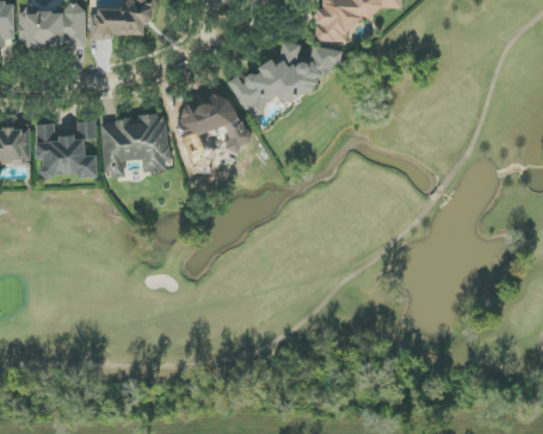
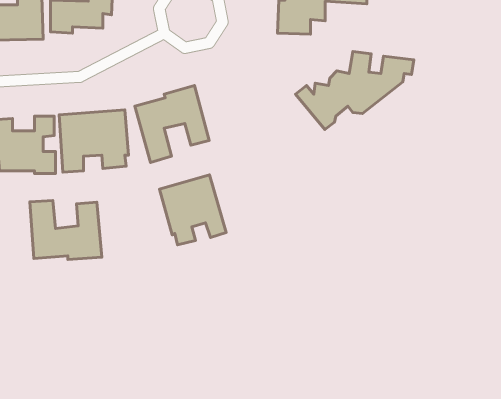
building: [226,41,341,117] -> [295,51,414,130]
building: none -> [159,175,226,245]
building: none -> [30,200,102,260]

